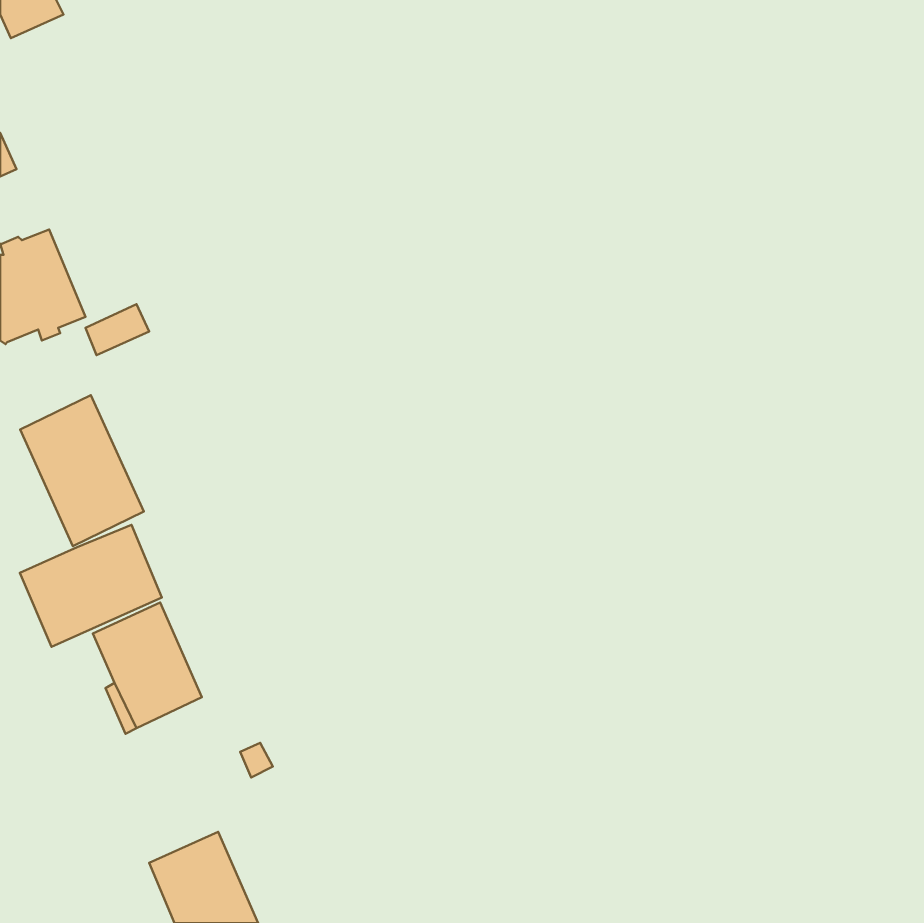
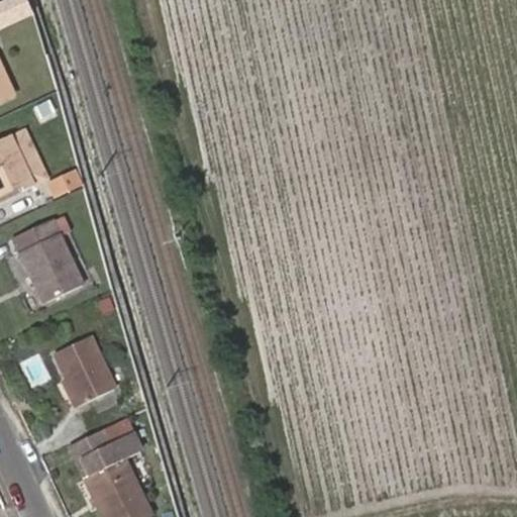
building: [20,525,162,647] -> none
building: none -> [70,418,138,479]

